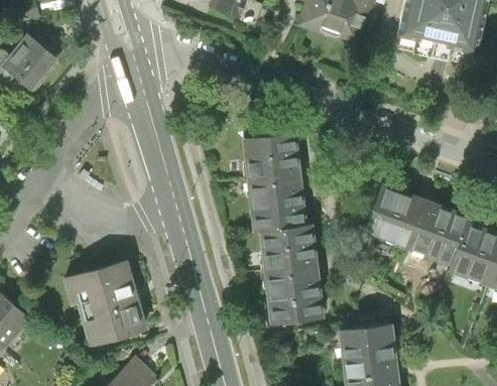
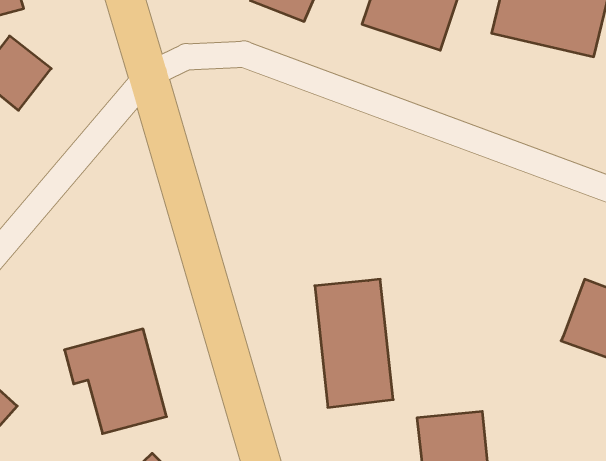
building: [245,132,301,229] -> none
building: [365,184,470,266] -> none

